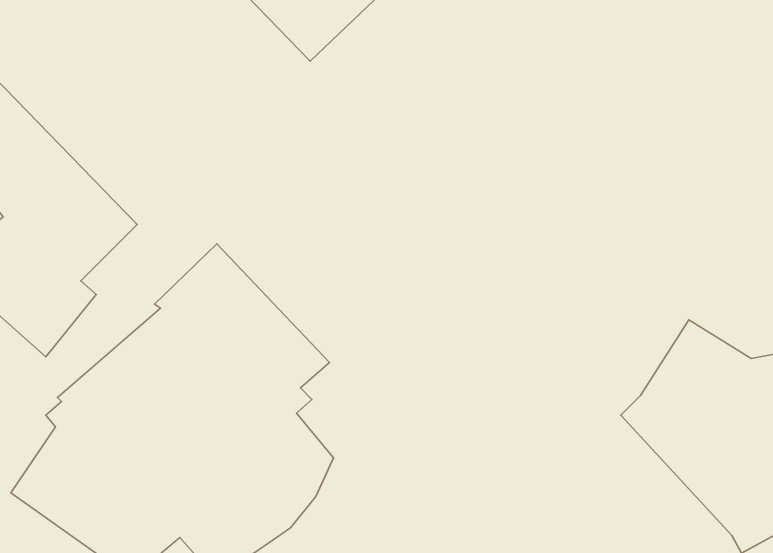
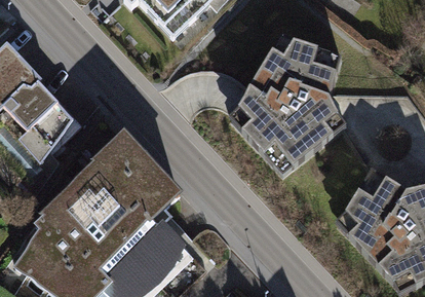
building: none -> [229,38,346,176]

